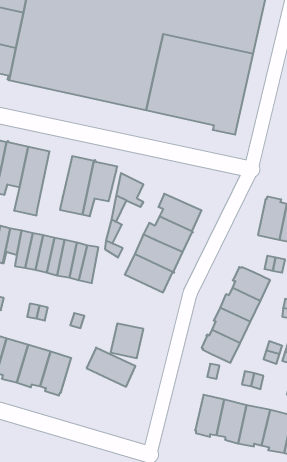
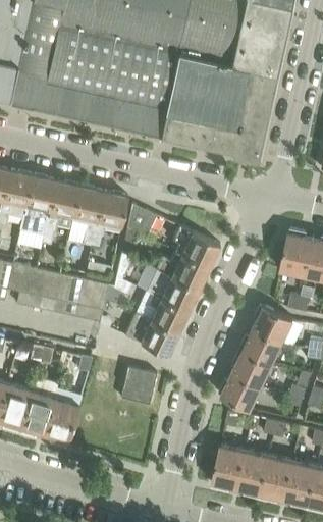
building: none -> [42,178,79,244]
building: [87,347,135,387] -> [125,312,178,355]

